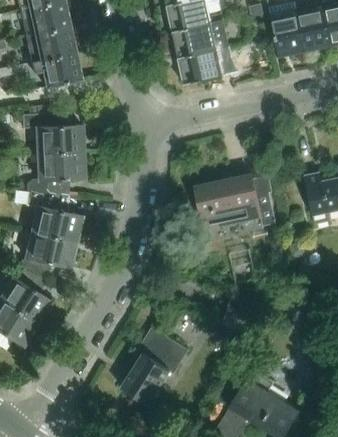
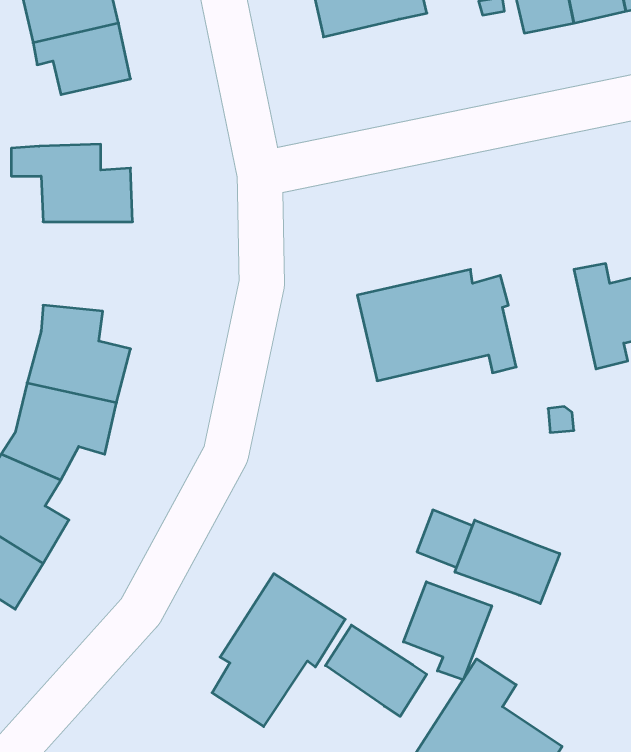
building: [178,48,222,83] -> none
building: [37,150,83,195] -> none
building: none -> [455,520,560,604]
building: none -> [403,582,492,680]
building: none -> [325,625,427,716]

